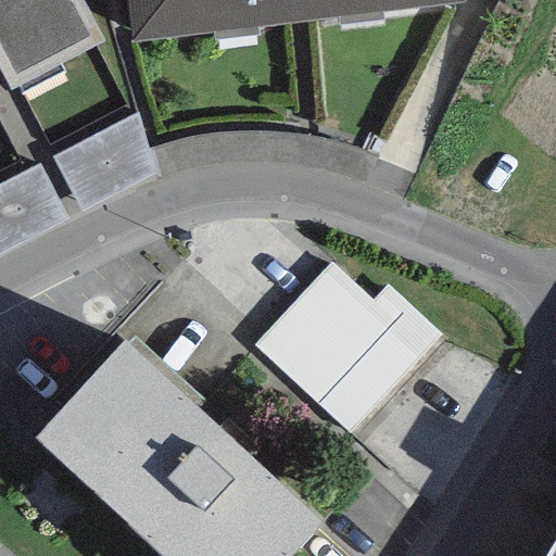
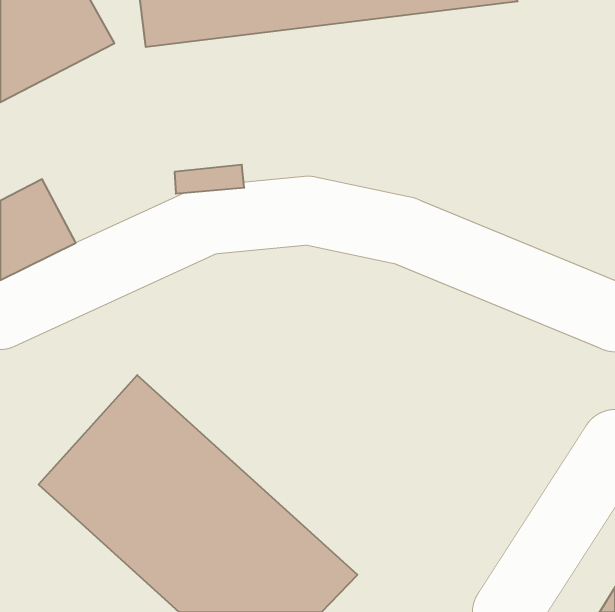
building: [54,112,154,211] -> none
building: [253,260,442,432] -> none

